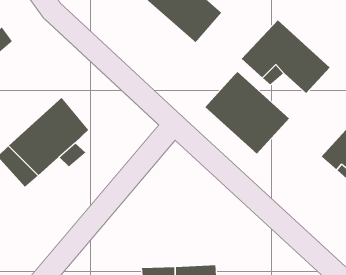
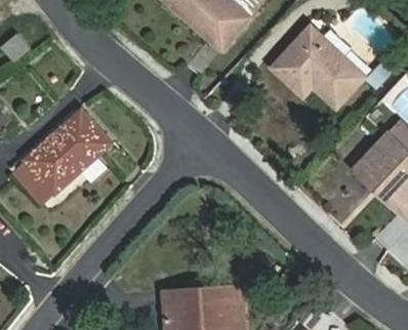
building: [205,71,290,155] -> none

